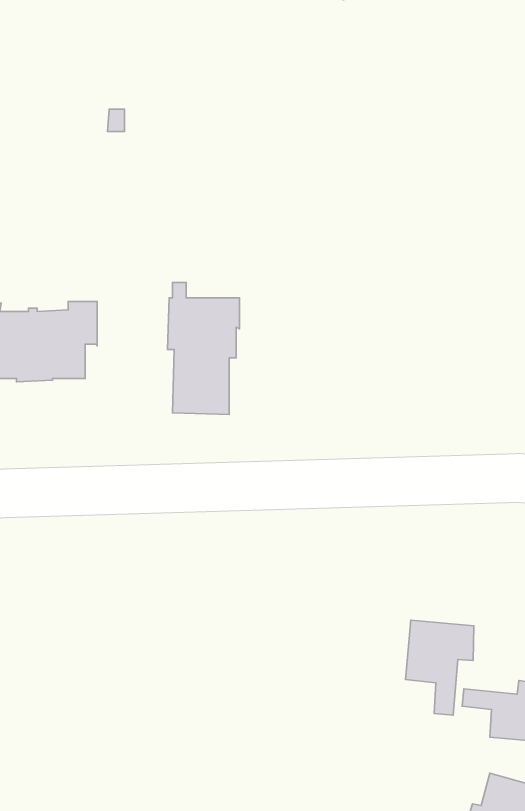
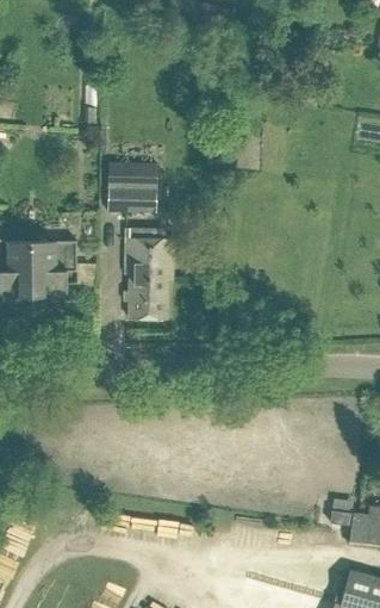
building: none -> [108,162,156,210]
building: [406,620,474,715] -> none

